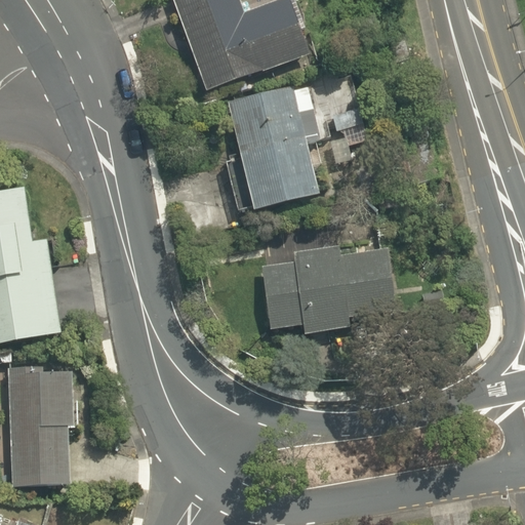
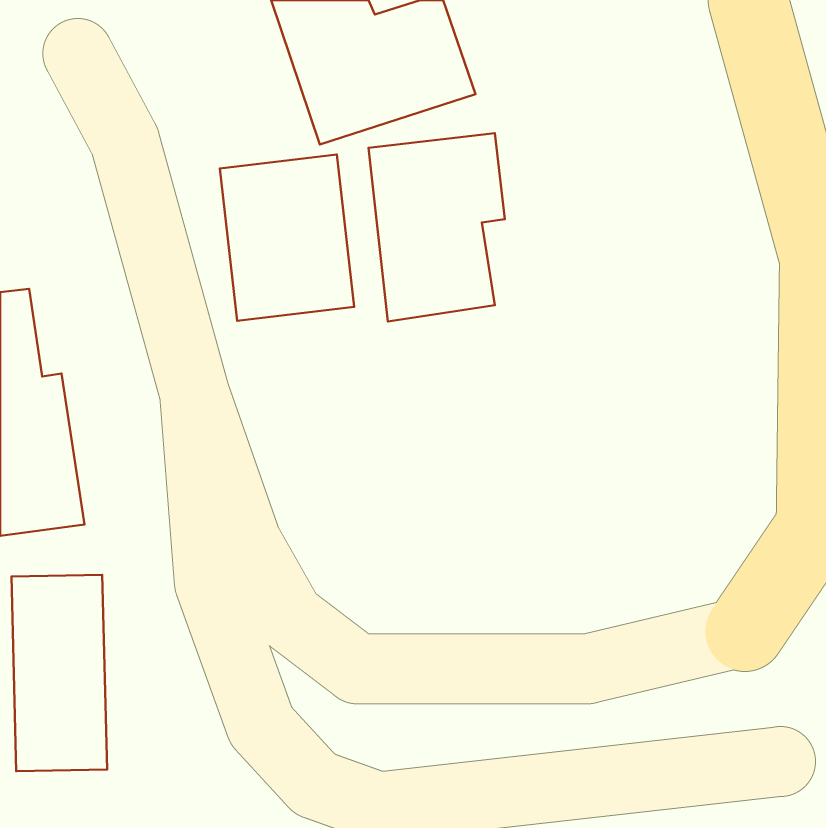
building: none -> [220,155,354,321]
building: [267,243,386,333] -> none

